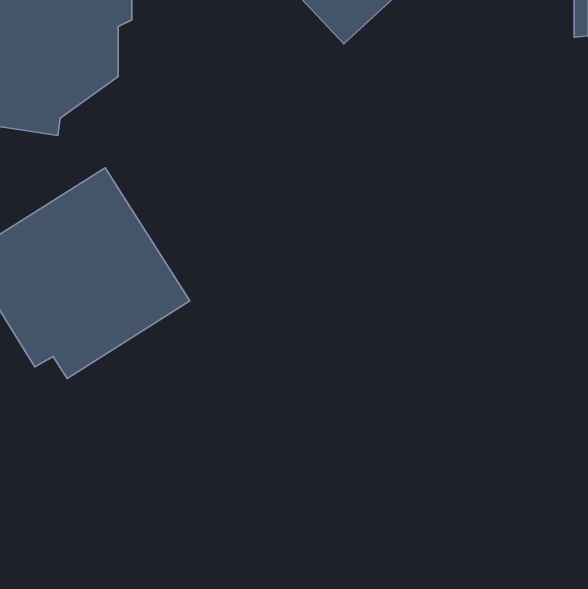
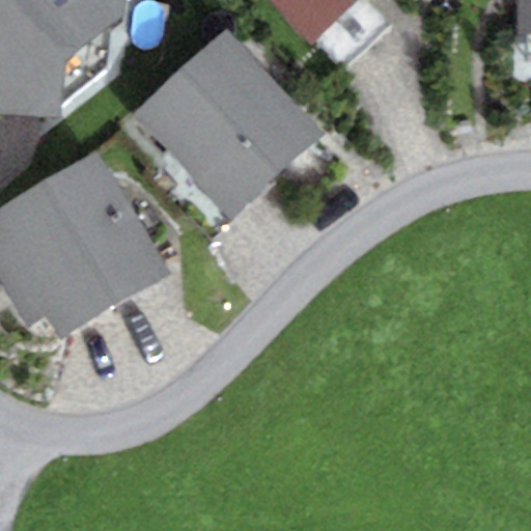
building: none -> [131,27,323,220]

